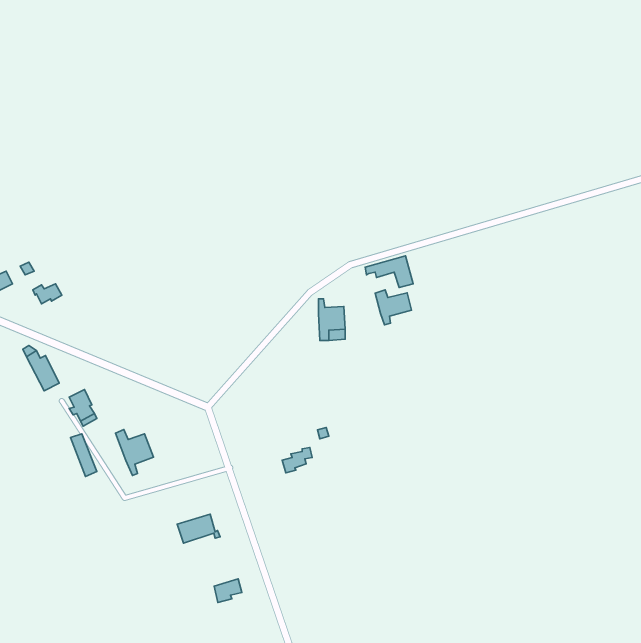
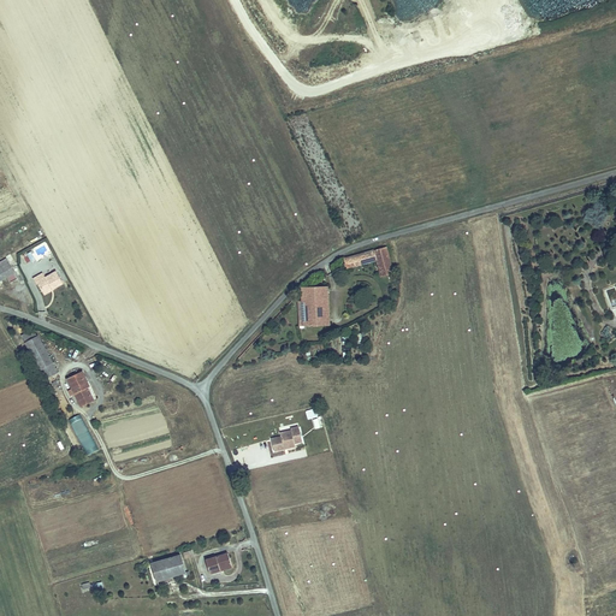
building: [375,290,412,325] -> none
building: [115,429,153,476] -> none
building: [177,514,220,543] -> [149,553,190,581]

